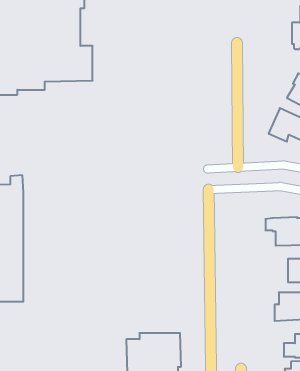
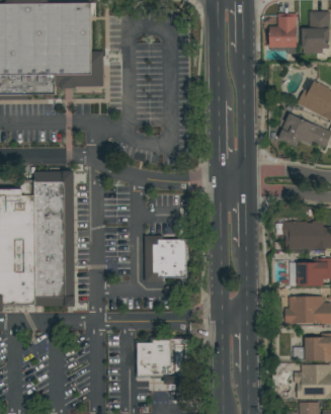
building: none -> [269,14,297,48]
building: none -> [33,171,75,307]
building: none -> [145,236,187,282]

